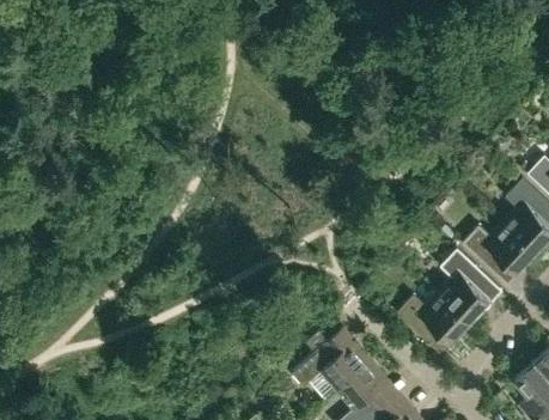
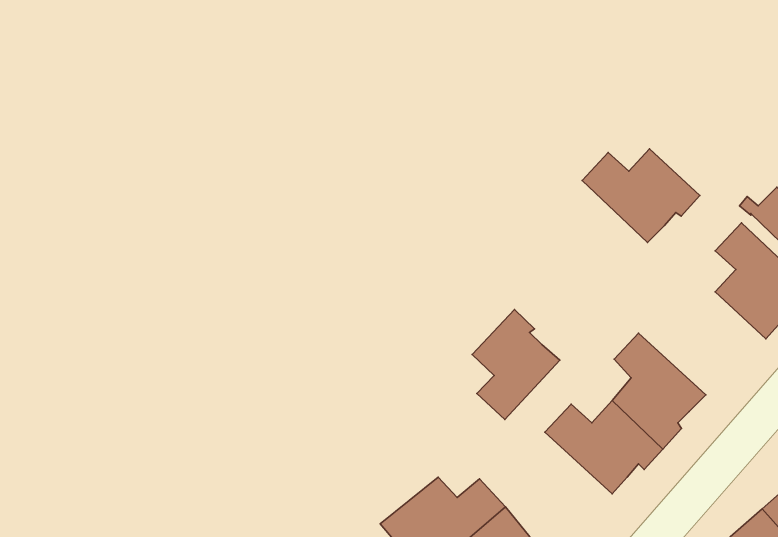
building: [463,224,538,284] -> [582,149,700,242]
building: none -> [472,310,560,420]

